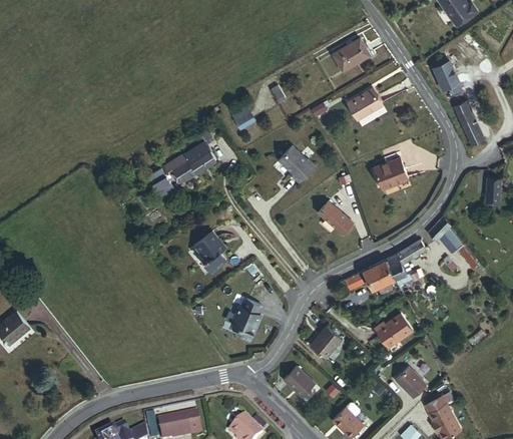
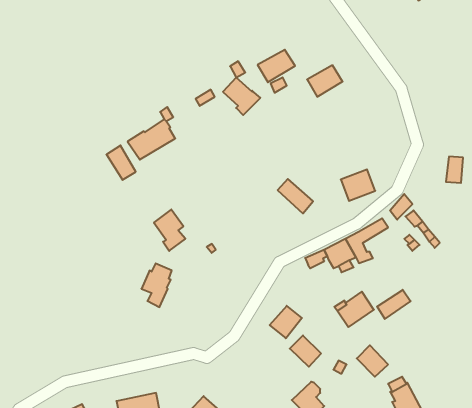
building: [333,38,370,70] -> [258,50,295,82]
building: [433,60,462,93] -> none
building: [454,100,484,144] -> none
building: [279,145,316,182] -> [223,77,260,115]
building: [374,157,408,188] -> [341,169,375,201]
building: [231,298,262,341] -> [141,263,172,307]
building: none -> [377,290,411,319]
building: [284,365,315,396] -> [290,335,321,367]

